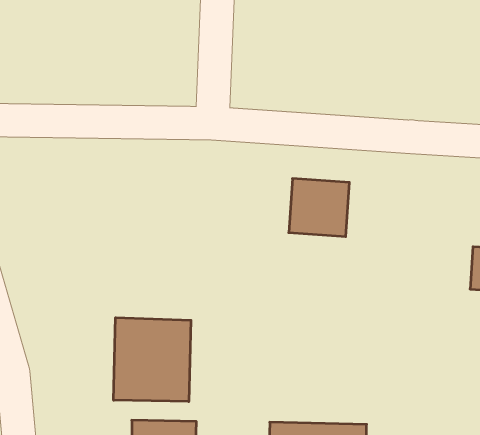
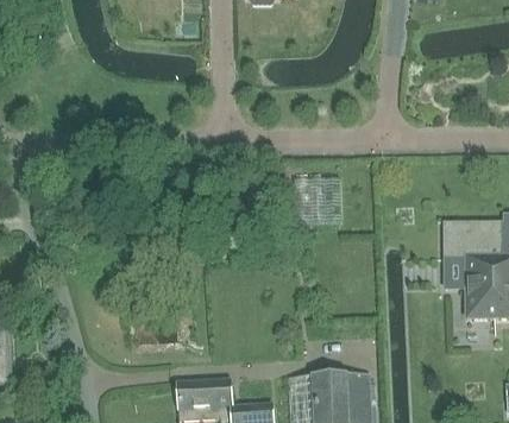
building: [114,318,191,402] -> none

